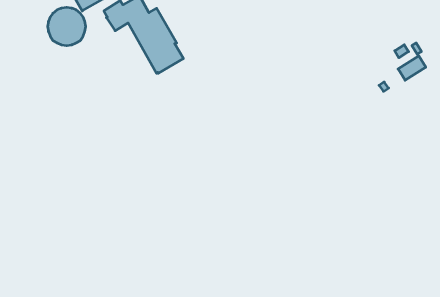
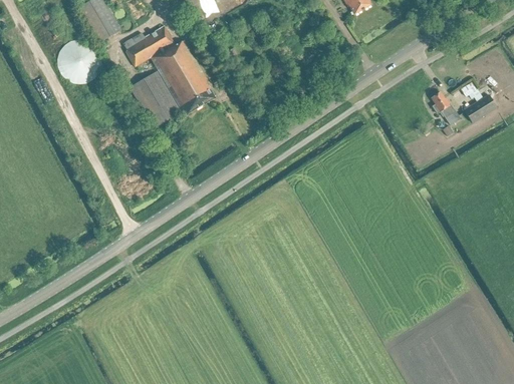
building: none -> [130,69,181,127]
building: none -> [431,91,459,124]

